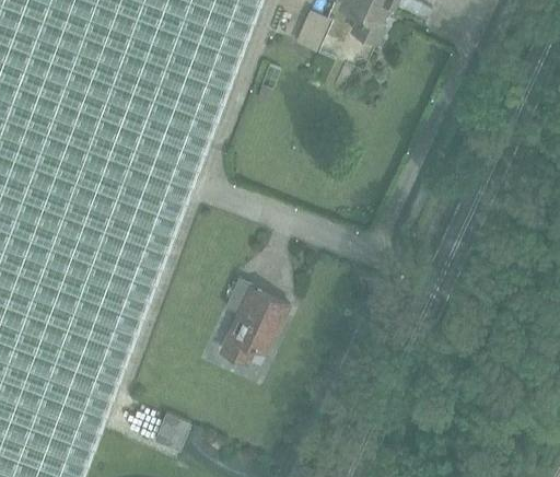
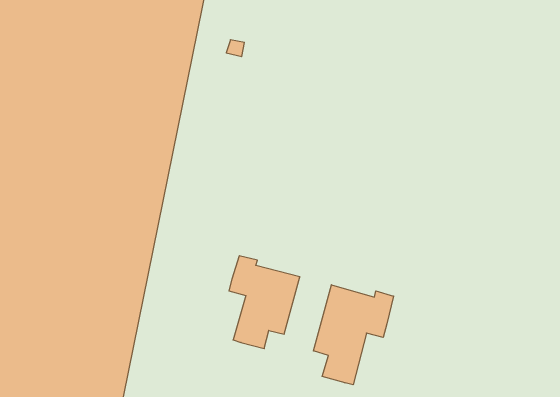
building: none -> [313,285,394,385]

